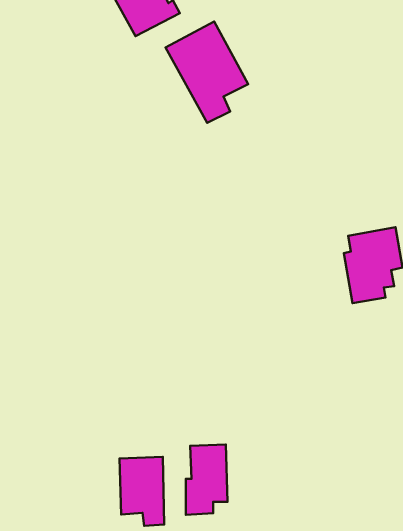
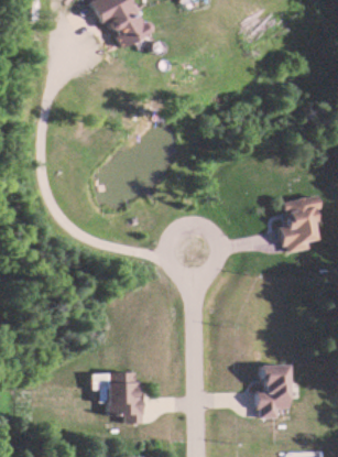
building: [166,22,248,123] -> none
building: [186,444,227,515] -> [257,364,288,418]

